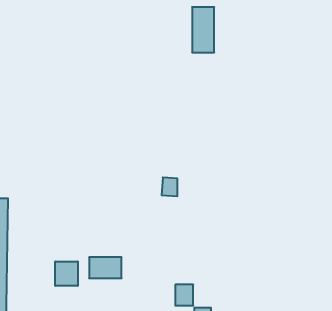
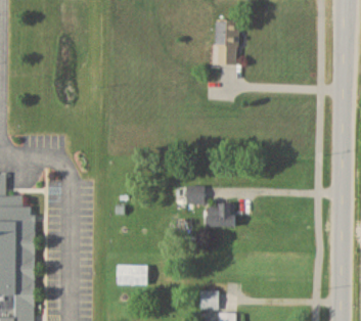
building: none -> [206,204,234,227]
building: [55,261,78,286] -> none

